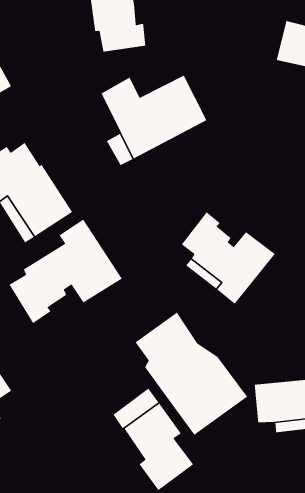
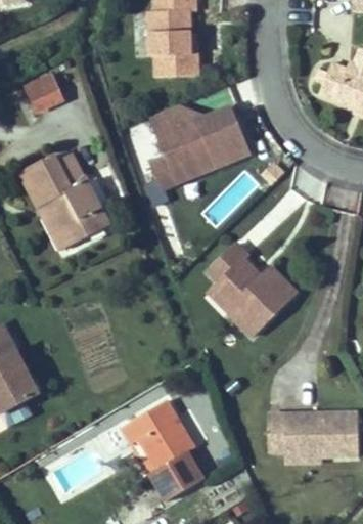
building: [8,219,123,324] -> none
building: [135,312,248,436] -> none

